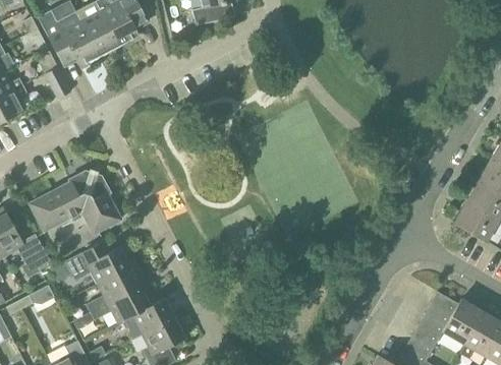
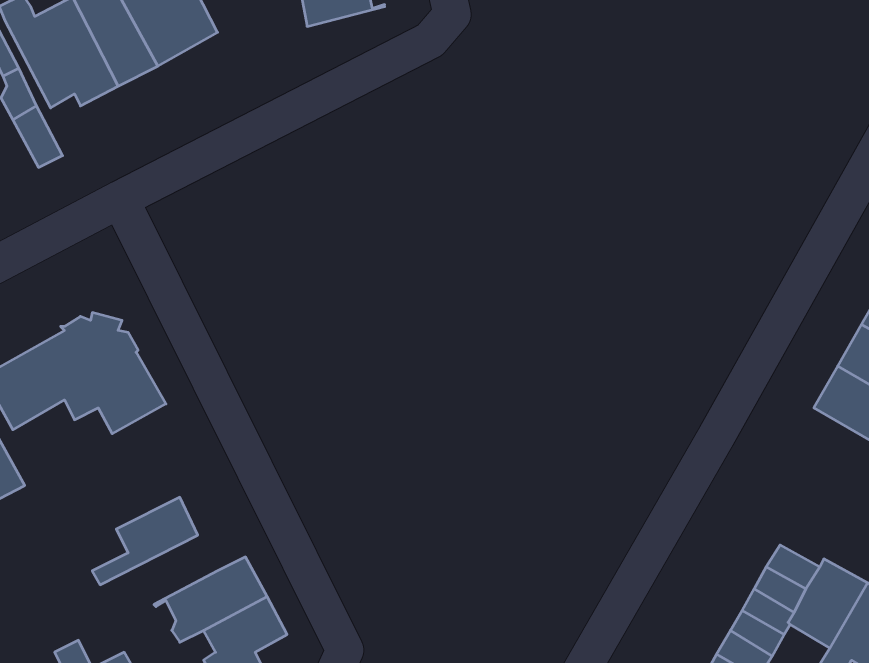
building: [63,241,130,284] -> none
building: [90,287,150,322] -> none

